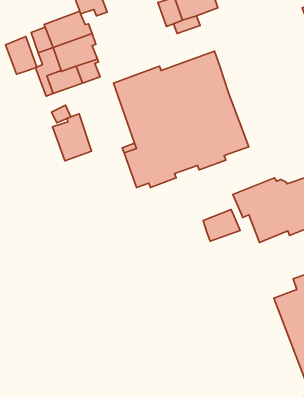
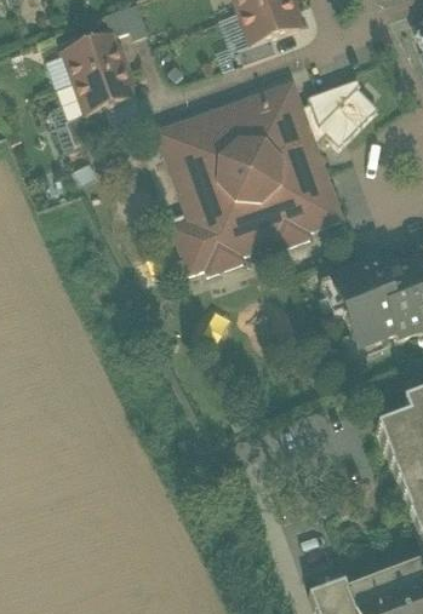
building: [6,36,37,74] -> none
building: none -> [303,76,379,145]
building: [53,114,92,161] -> none
building: [203,210,240,241] -> none

